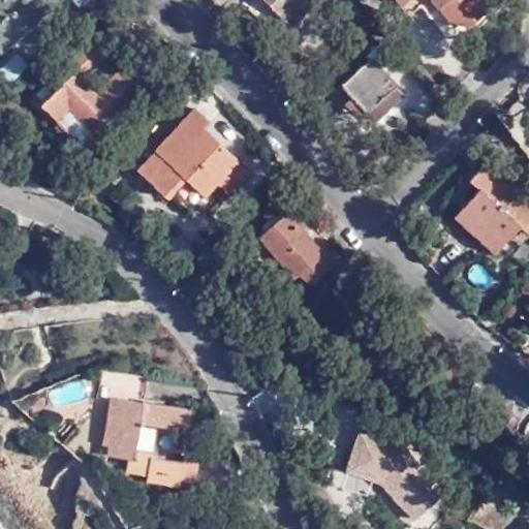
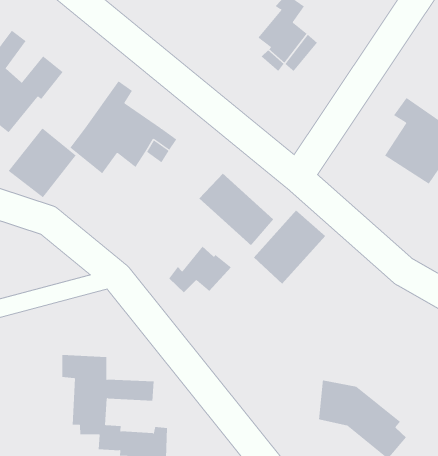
building: none -> [8,127,76,198]
building: none -> [253,210,326,284]
building: none -> [169,246,232,293]

